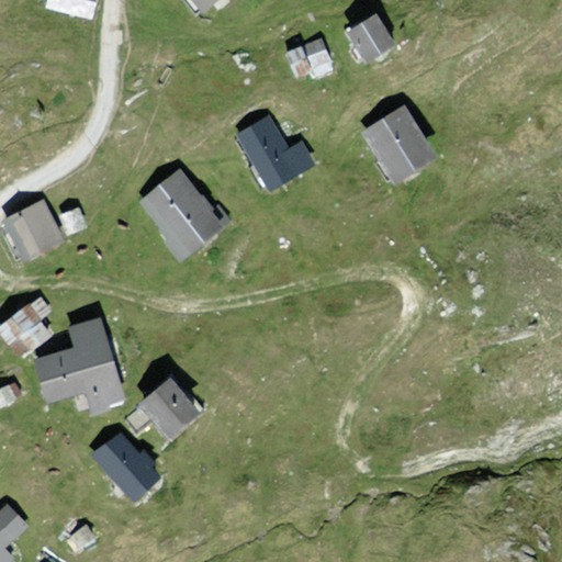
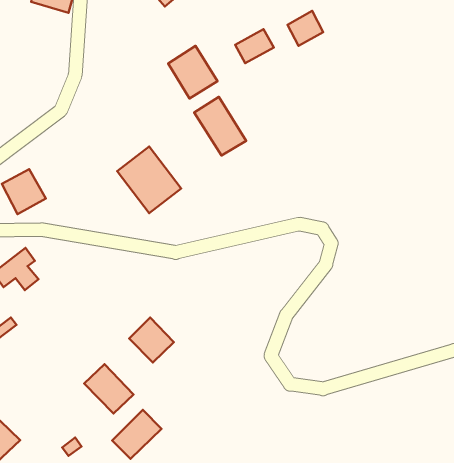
building: none -> [168,46,218,99]
building: [366,105,439,179] -> none
building: [35,322,126,408] -> none
building: none -> [112,410,162,459]

